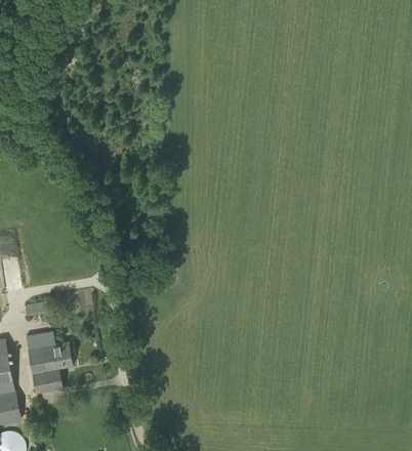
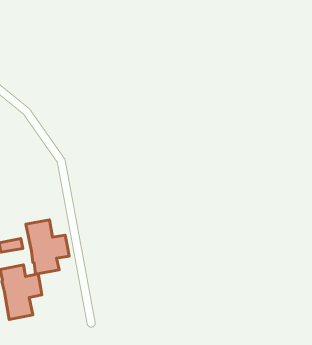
building: none -> [26,220,69,274]

